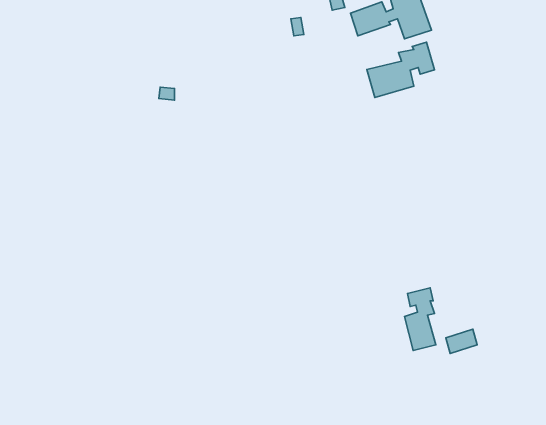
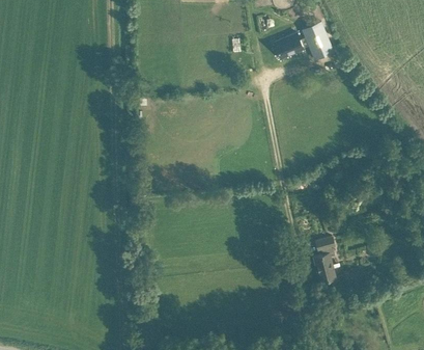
building: [367,42,434,97] -> none

